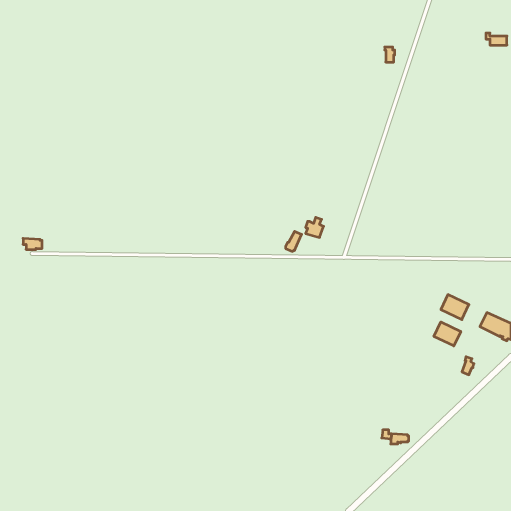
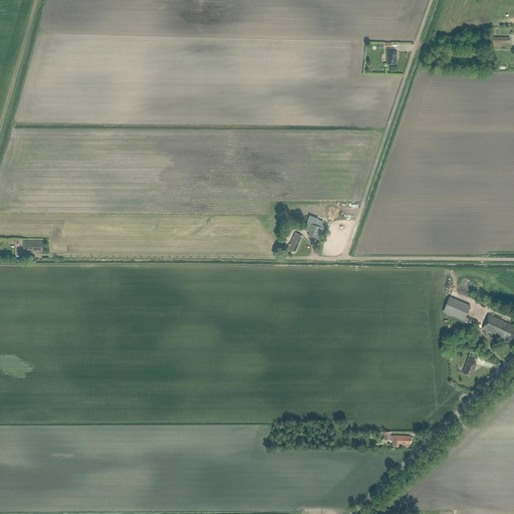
building: [434,322,461,346] -> none

